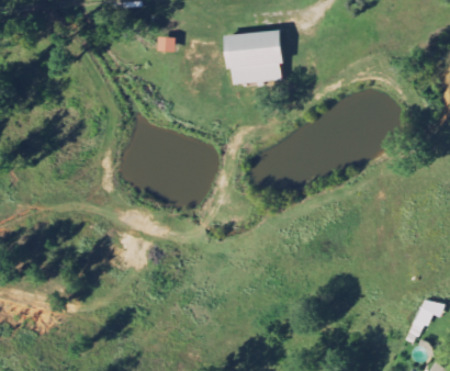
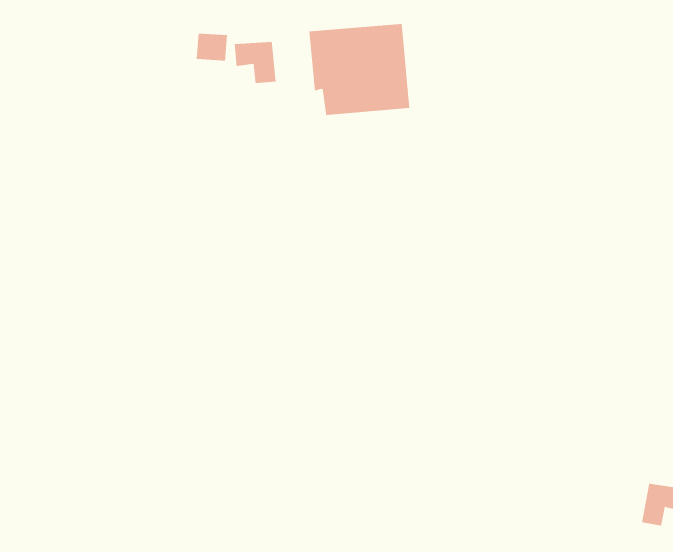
building: none -> [234,41,276,84]

